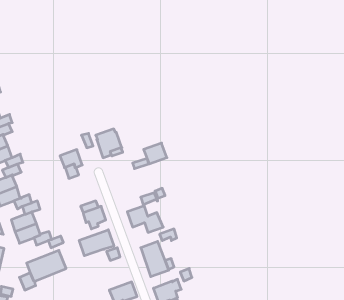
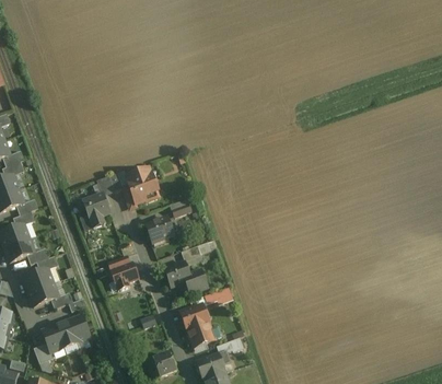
building: [144,143,167,164] -> [146,217,174,242]
building: [79,230,114,256] -> none

